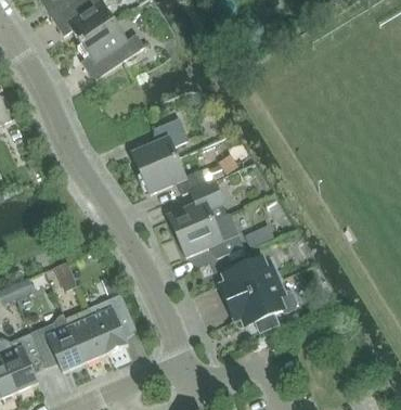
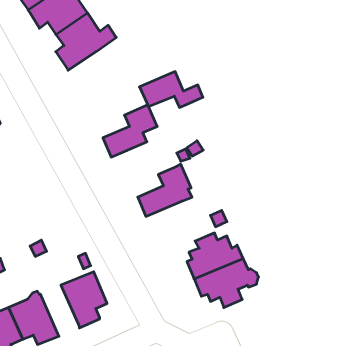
building: [139,157,206,195] -> [139,72,203,107]
building: [176,214,243,258] -> none
building: [64,309,105,363] -> none

